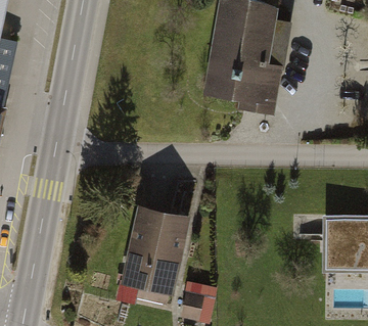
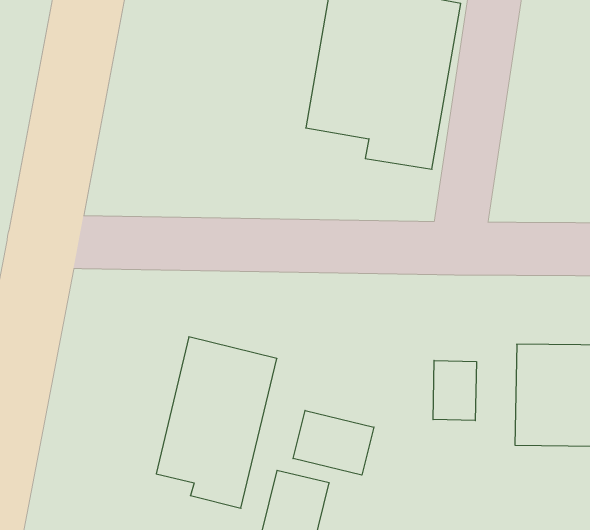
building: none -> [433,360,476,421]
building: none -> [293,410,374,475]

